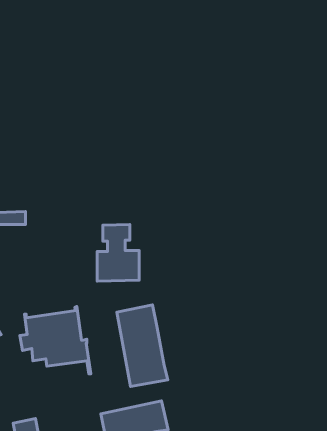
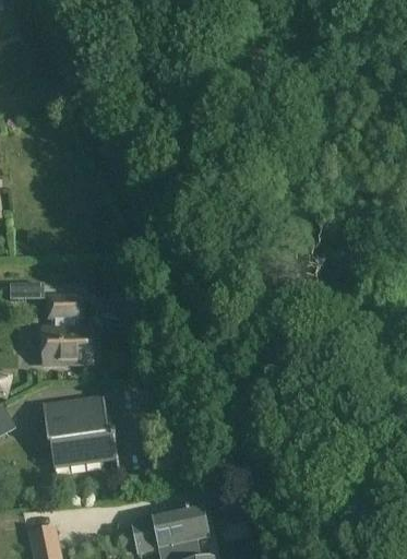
building: [97,224,139,281] -> [43,296,92,362]
building: [117,305,168,386] -> none

